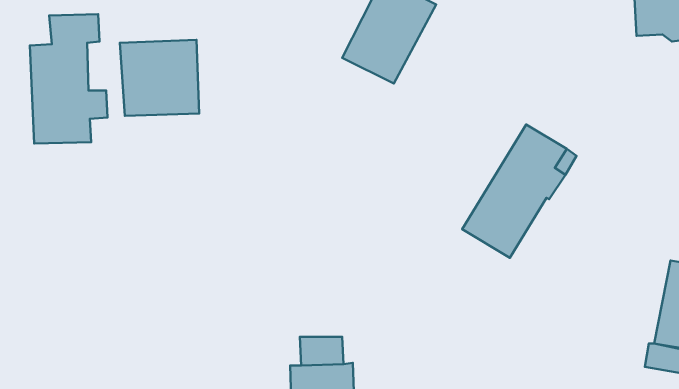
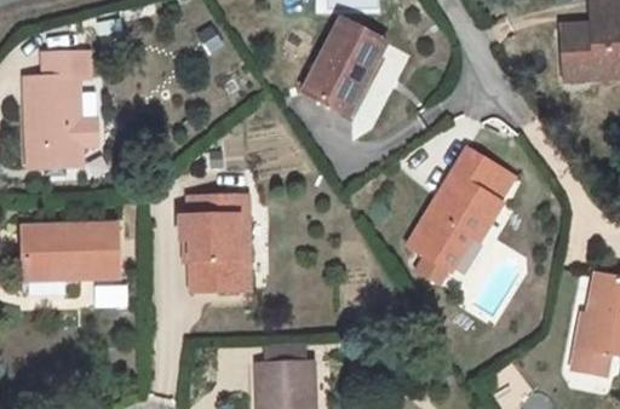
building: [120,40,199,116] -> none
building: none -> [180,195,251,289]
building: none -> [22,223,117,294]

